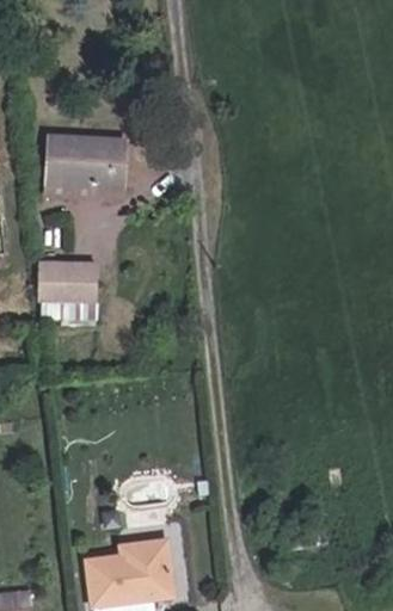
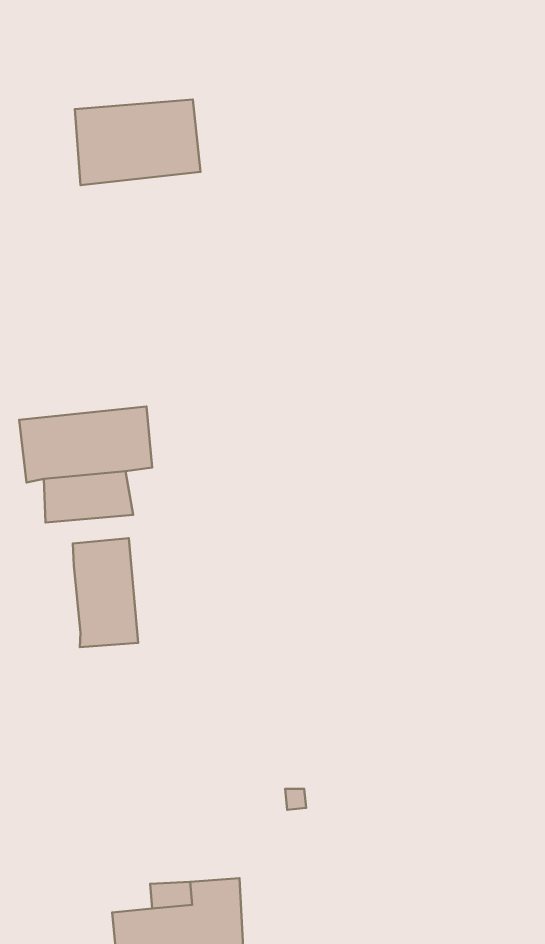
building: [45,135,124,189] -> [75,100,200,185]
building: none -> [73,538,138,647]

